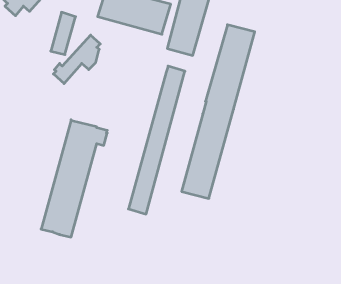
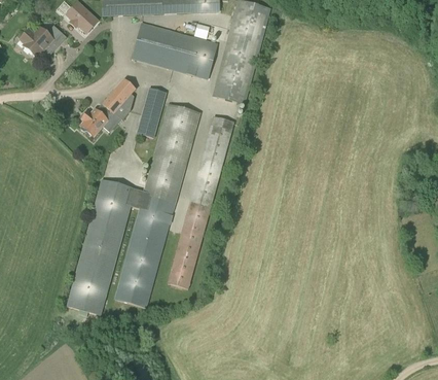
building: [51,12,76,55] -> [137,88,166,137]
building: [182,25,255,198] -> [114,104,199,307]

